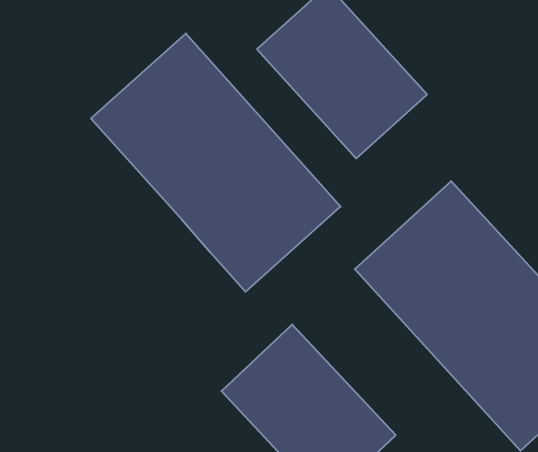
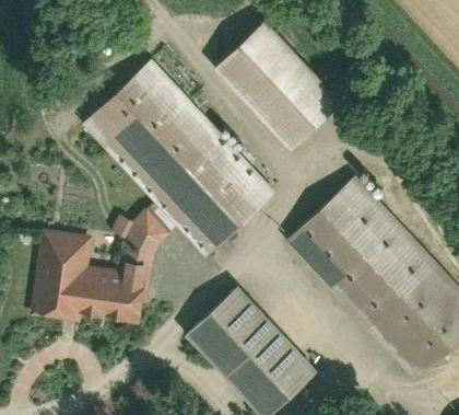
building: none -> [32,201,175,325]

